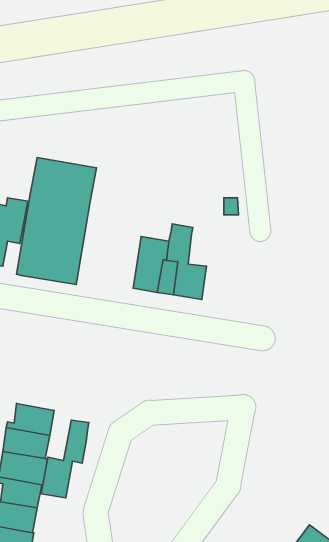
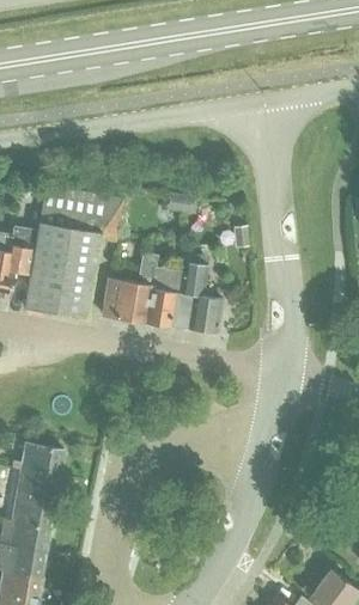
building: none -> [101,255,156,323]
building: [41,420,89,498] -> none

